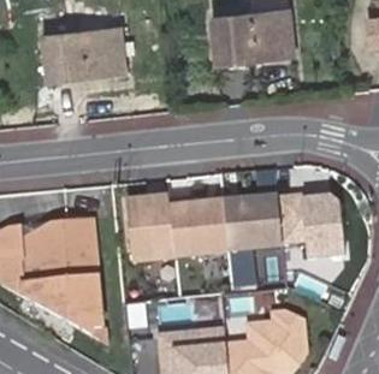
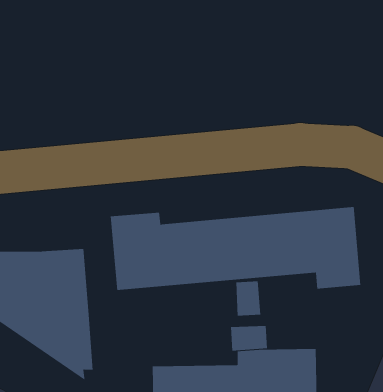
building: [215,11,294,63] -> none
building: [45,29,128,81] -> none

